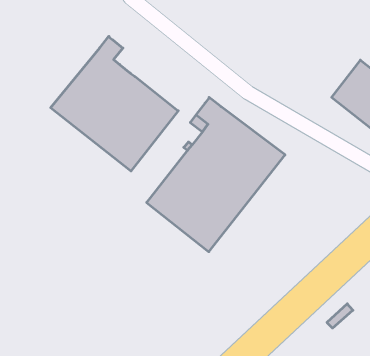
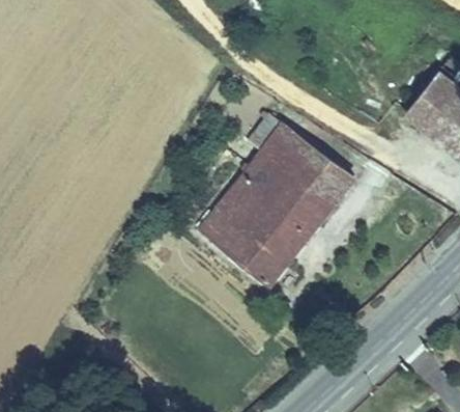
building: [51,36,178,171] -> none

